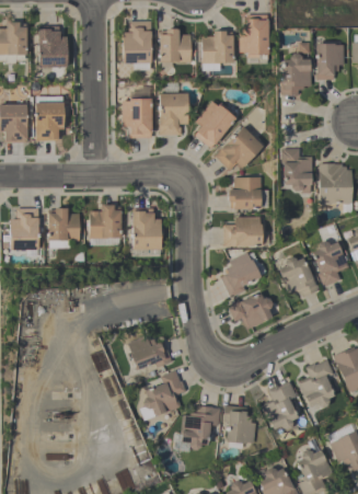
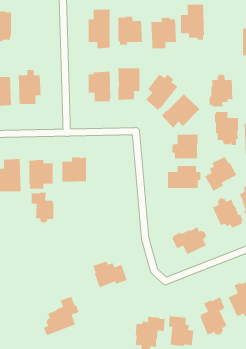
building: [38,25,68,67] -> none
building: [280,53,311,94] -> [209,74,233,107]
building: [132,206,161,249] -> none
building: none -> [31,192,54,223]
building: [220,252,262,297] -> [204,156,237,192]
building: [140,369,186,420] -> [43,296,80,336]

